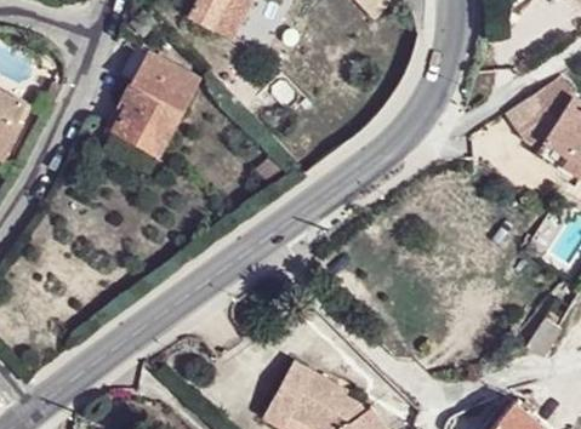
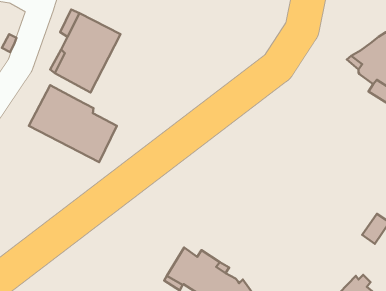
building: none -> [29,85,117,162]

